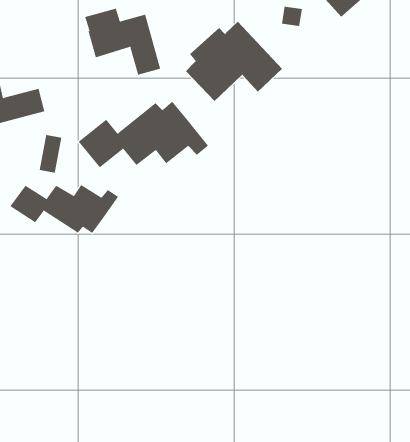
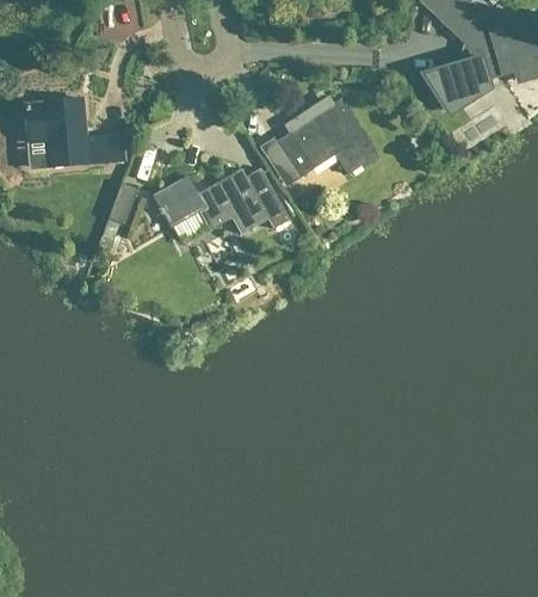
building: [84,8,161,76] -> none
building: [9,184,119,234] -> none

